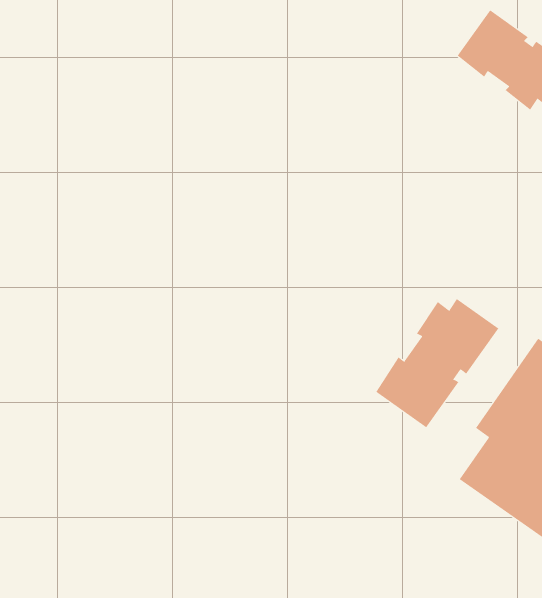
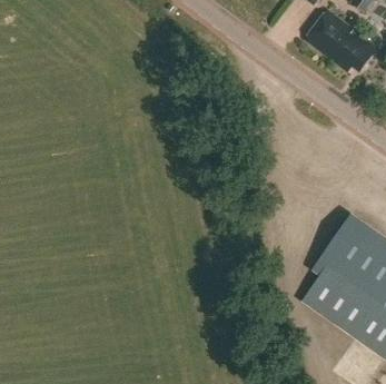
building: [376,298,499,428] -> none

